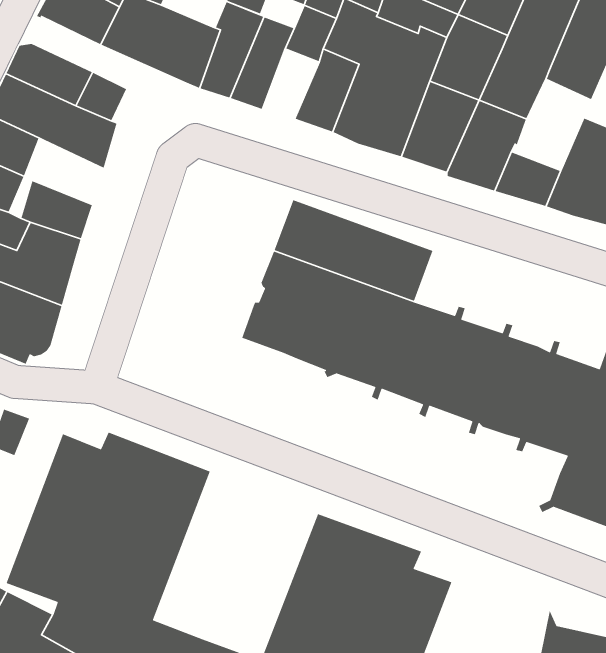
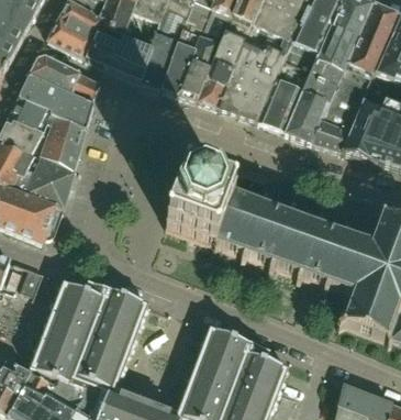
building: none -> [178,58,211,99]
building: none -> [322,76,368,129]
building: none -> [45,111,87,148]

